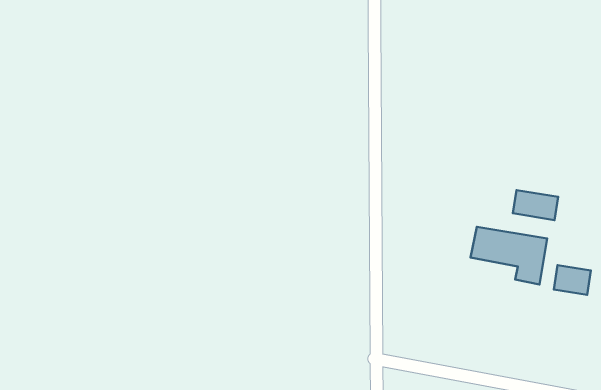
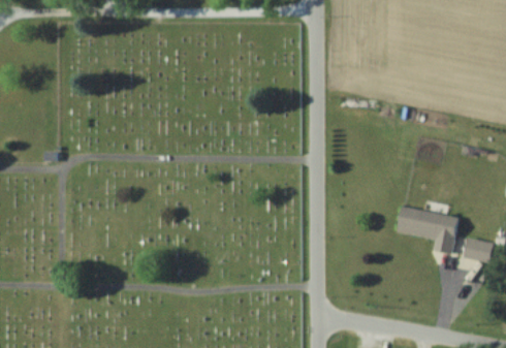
building: [513,190,558,220] -> none

